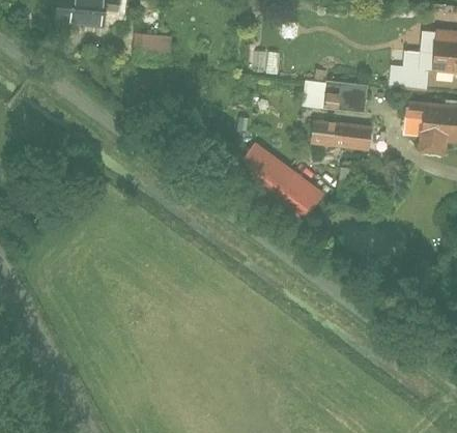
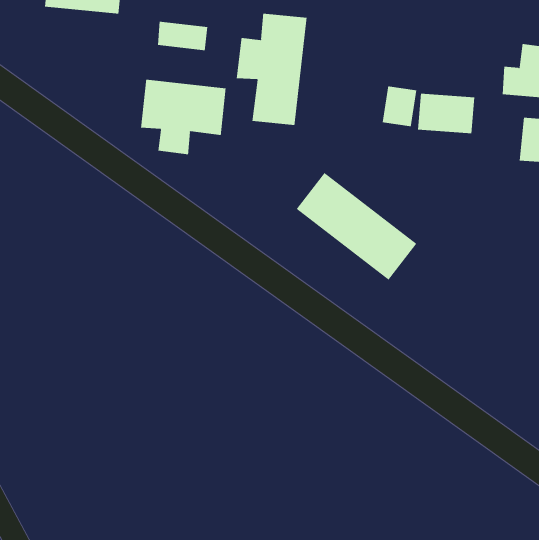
building: none -> [236,13,307,126]
building: none -> [140,79,226,155]
building: [314,120,375,151] -> none

